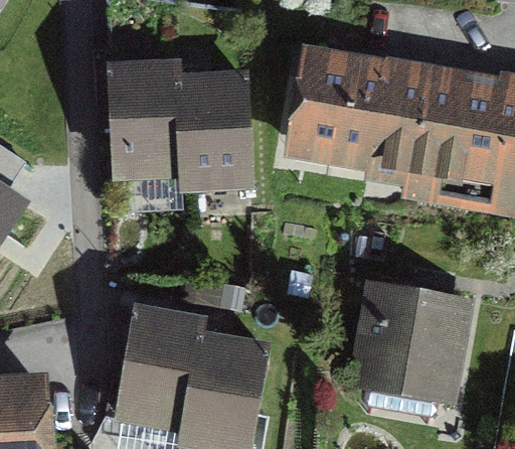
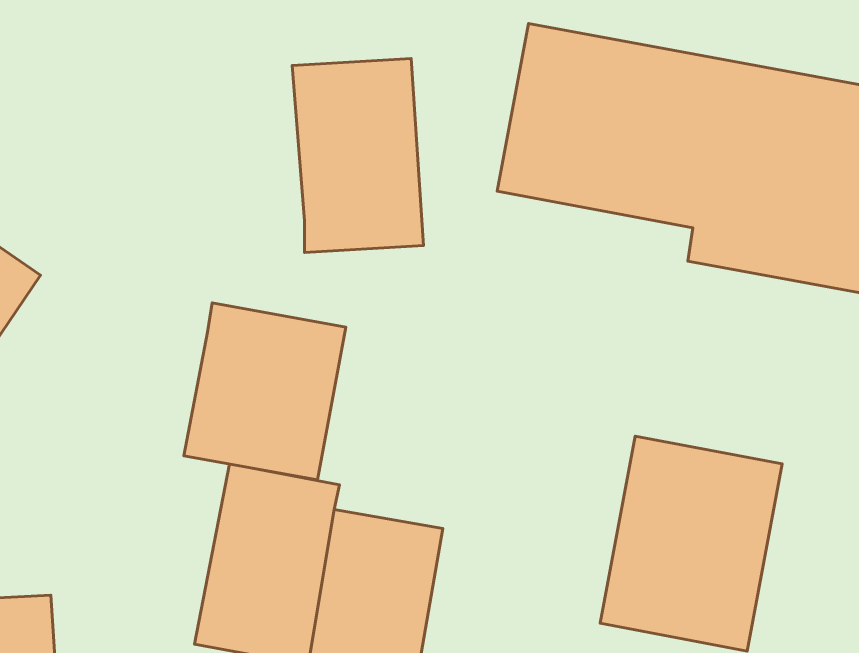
building: [110,60,183,169] -> none
building: none -> [184,303,346,480]

